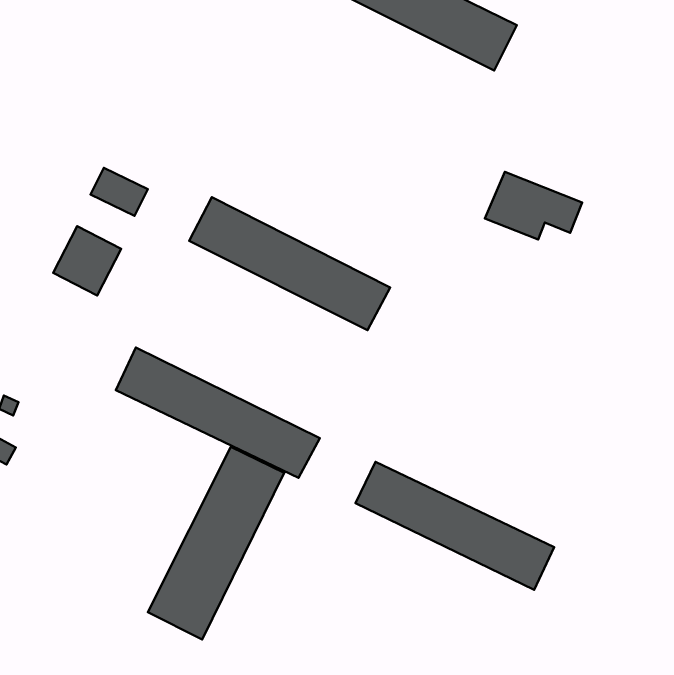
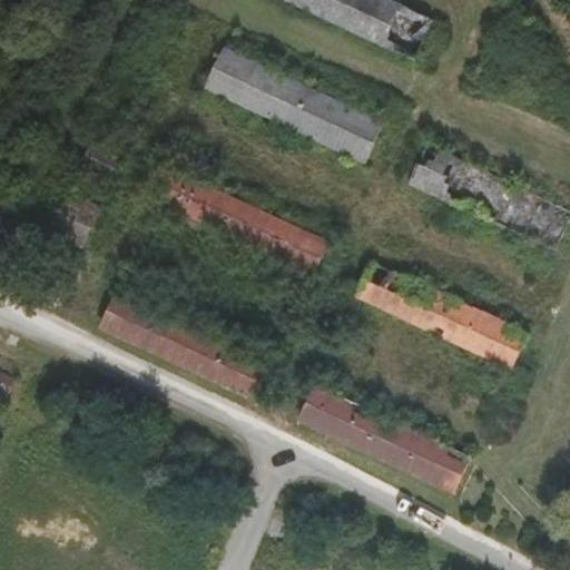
building: none -> [202,42,384,168]
building: none -> [357,259,527,367]
building: [148,447,284,640] -> none

